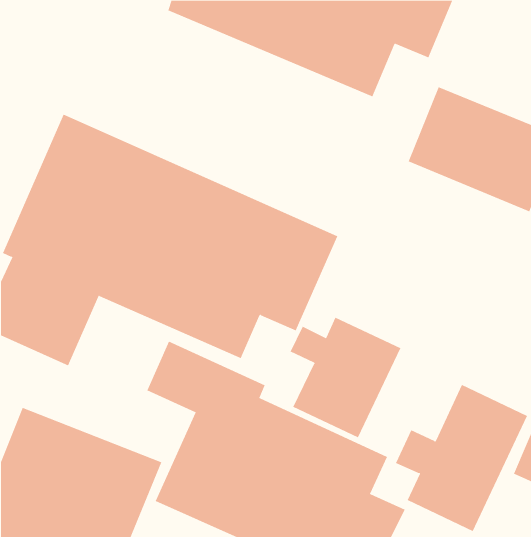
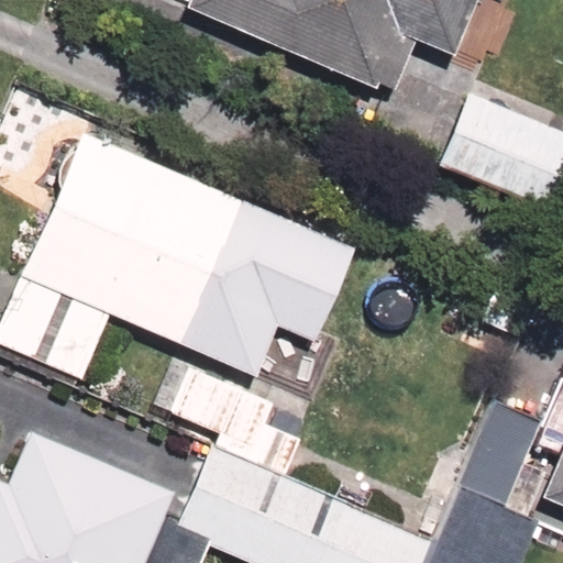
building: [290,317,401,438] -> none

